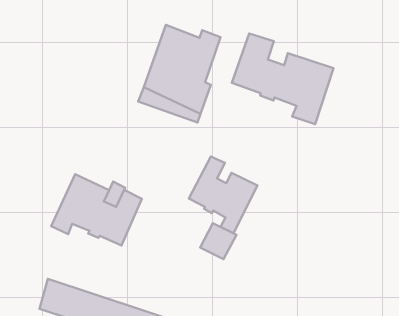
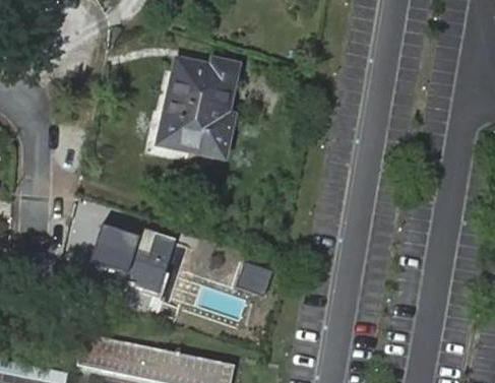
building: [232,34,333,124] -> none
building: [189,156,257,233] -> none

